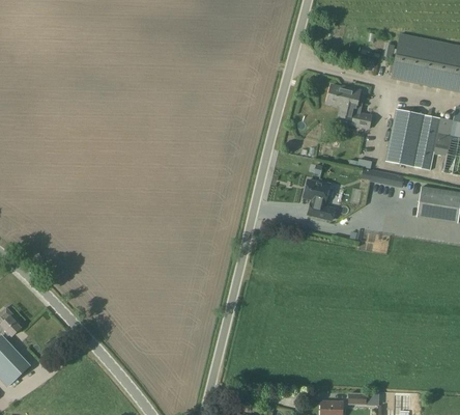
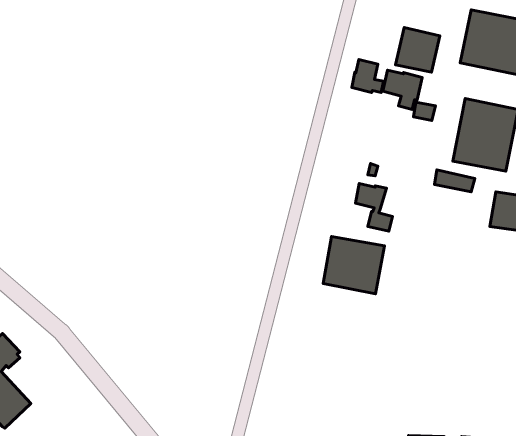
building: none -> [395,27,440,72]
building: none -> [352,60,383,93]
building: none -> [323,237,384,294]

